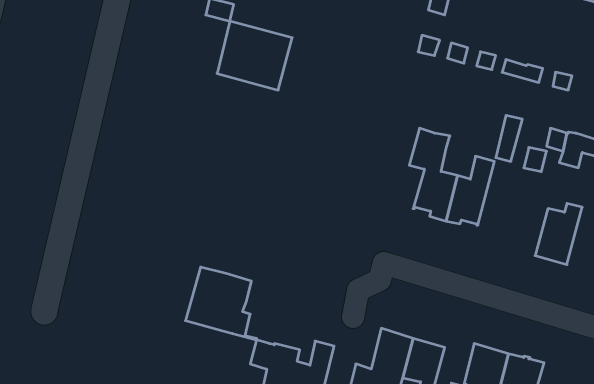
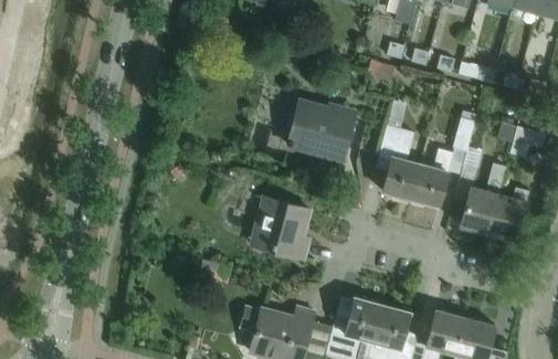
building: [217,21,292,90] -> [288,101,354,160]
building: none -> [455,163,506,233]
building: [185,267,257,340] -> [252,198,314,261]

